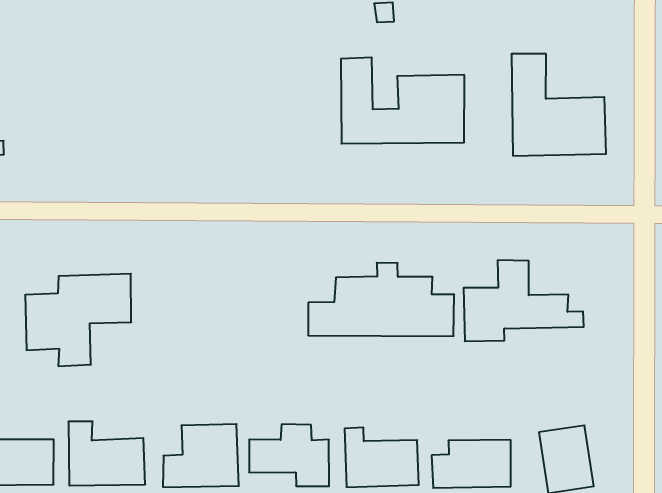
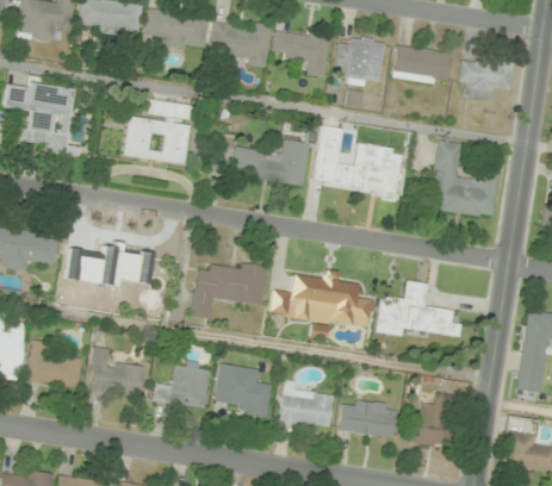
building: none -> [123,99,192,164]
building: none -> [231,139,309,186]
building: none -> [190,262,266,319]

